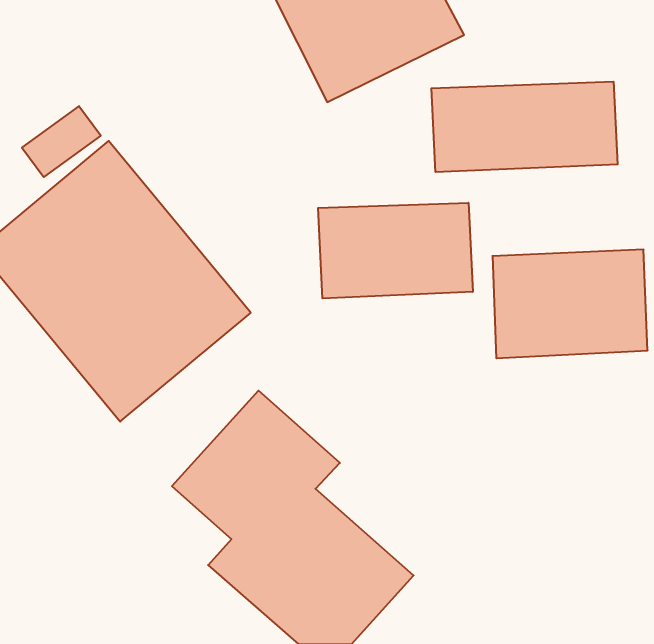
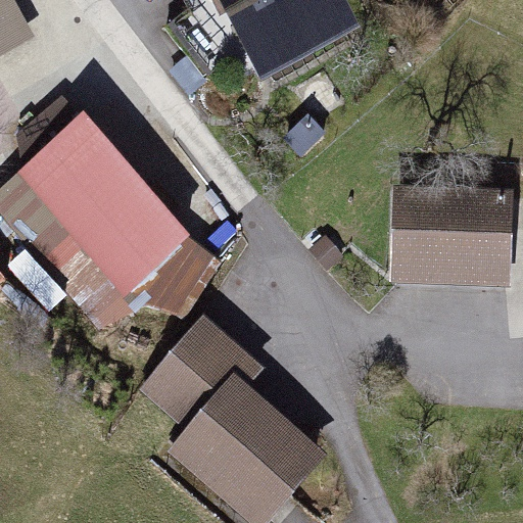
building: [431,82,618,172] -> none
building: [318,203,473,298] -> none

